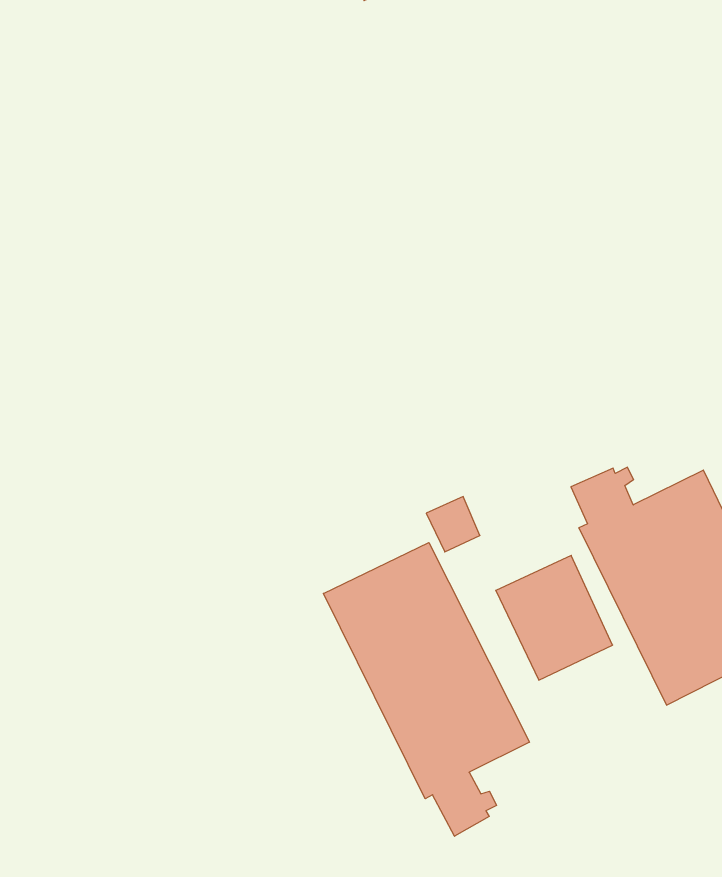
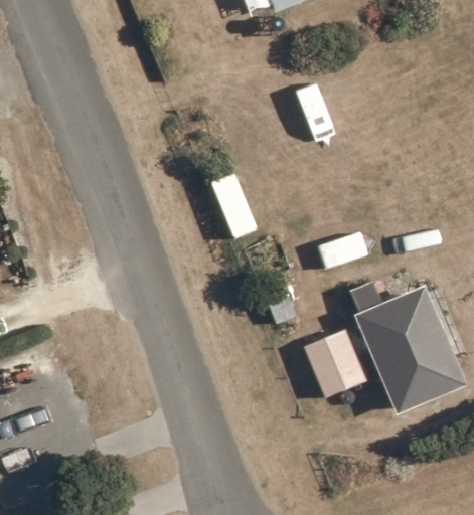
building: [323,543,529,836] -> none

